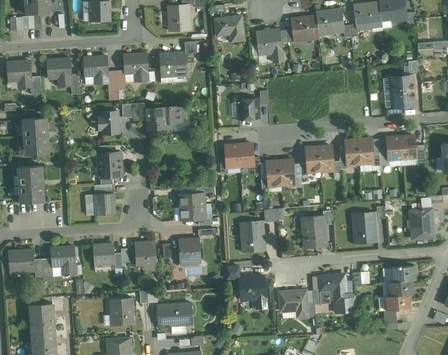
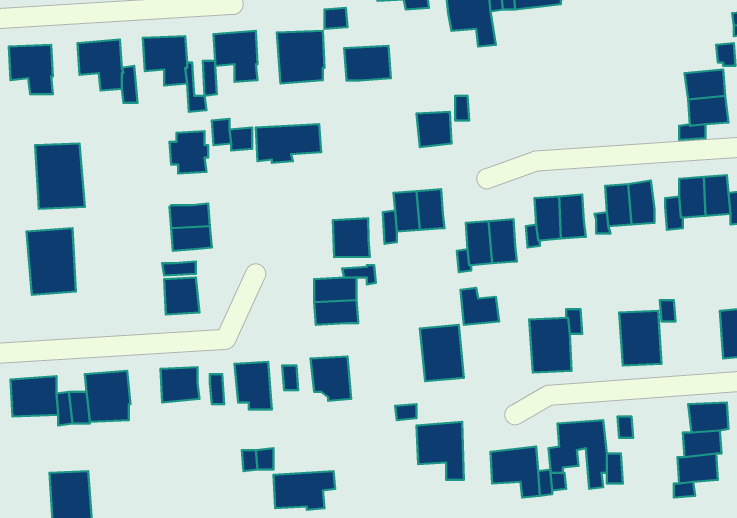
building: none -> [344,46,391,81]
building: none -> [333,218,370,257]
building: [109,298,133,325] -> none

